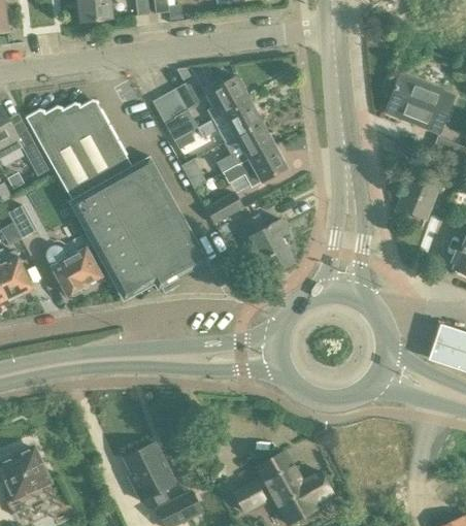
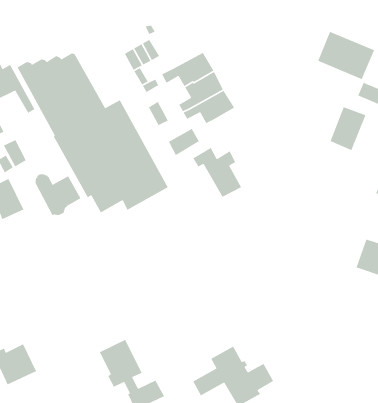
building: [201,75,247,119] -> none

